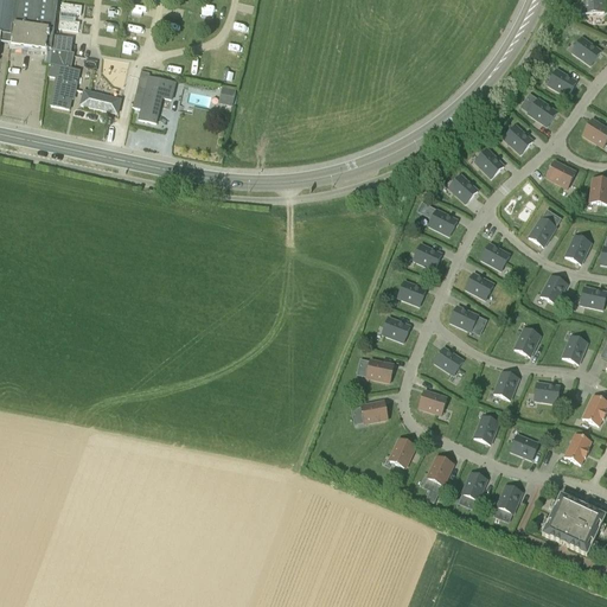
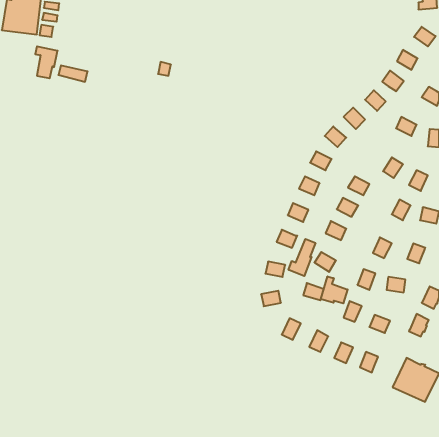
building: [133,70,173,121] -> none
building: none -> [289,239,315,276]
building: none -> [321,276,348,303]

